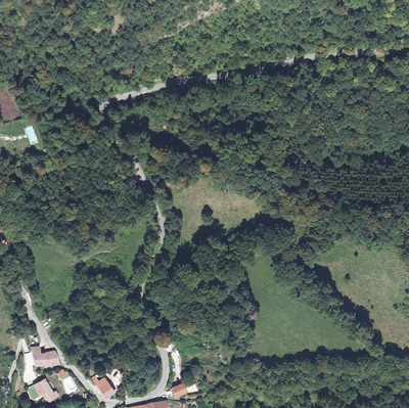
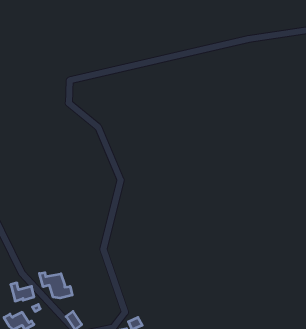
building: none -> [39,273,72,298]

